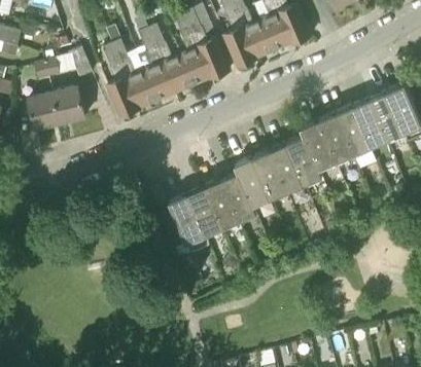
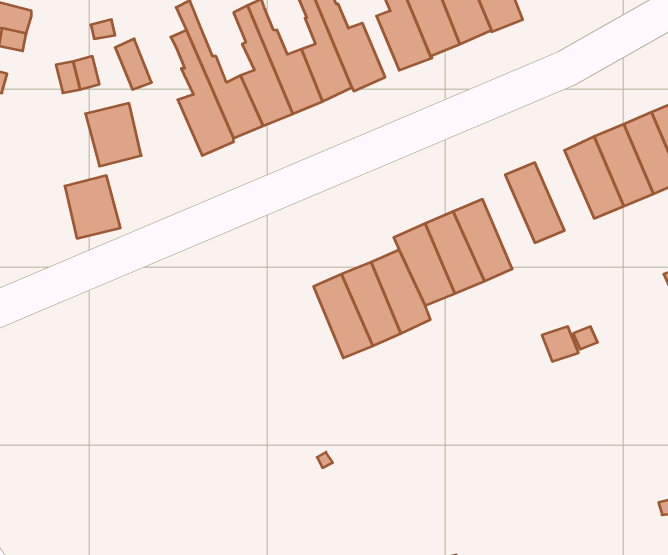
building: [28,91,61,129] -> [65,176,120,238]
building: [318,113,353,160] -> none
building: [287,135,321,183] -> none
building: [164,193,209,253] -> none

